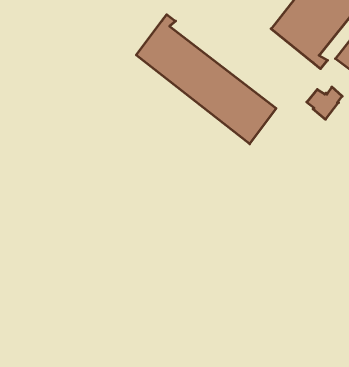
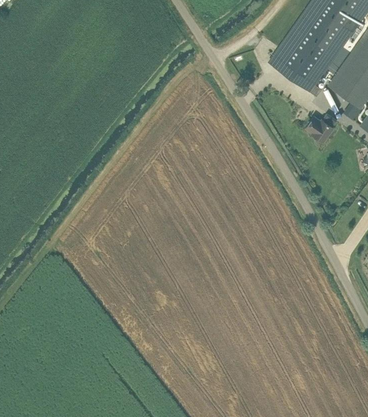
building: [136,15,276,144] -> none

